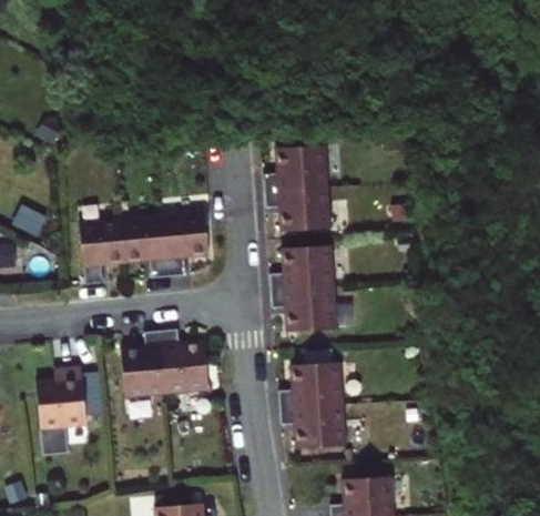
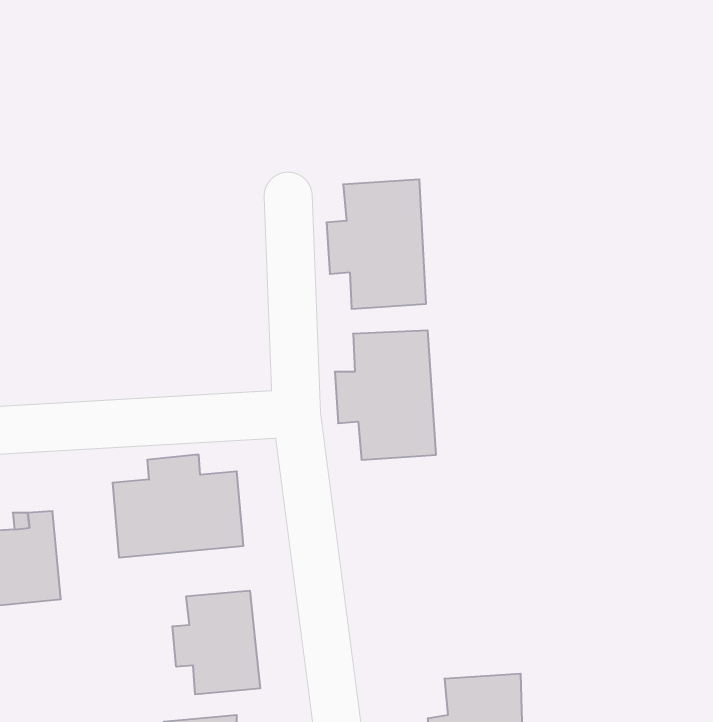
building: [80,211,210,284] -> none
building: [279,362,347,448] -> none
building: none -> [172,591,260,694]

